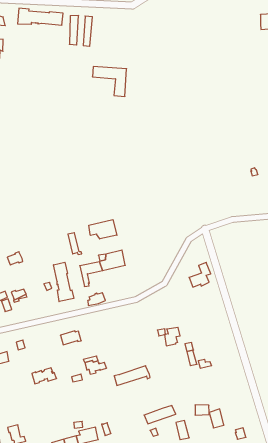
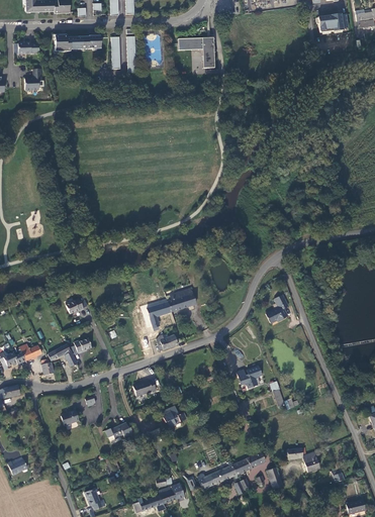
building: [92,67,127,96] -> [178,37,215,68]
building: [89,220,117,239] -> none
building: [54,262,74,302] -> none
building: [114,366,150,385] -> [197,466,237,490]

